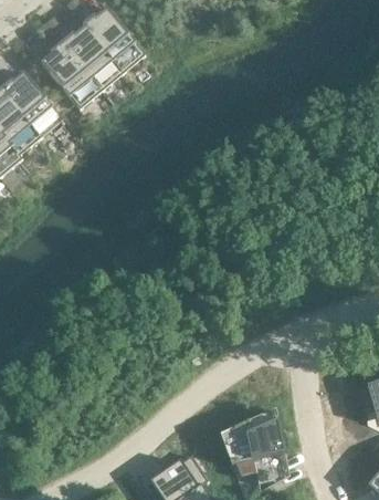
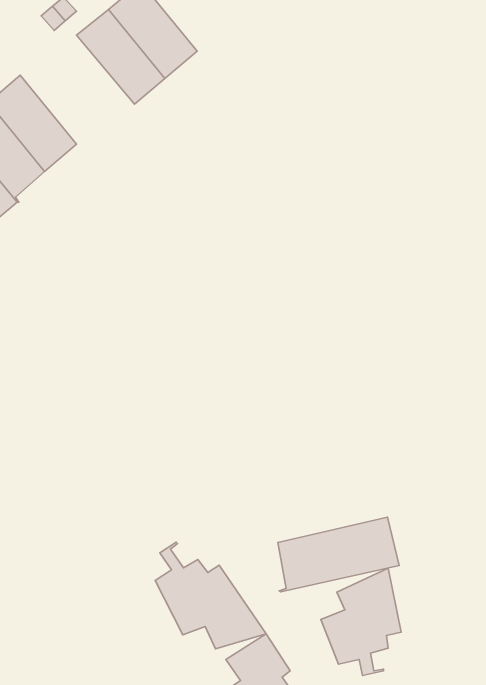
building: [39,42,101,108] -> none
building: none -> [278,517,399,592]
building: none -> [155,542,266,649]

